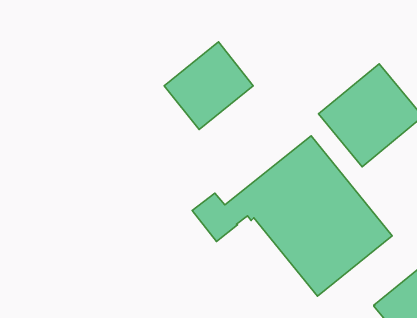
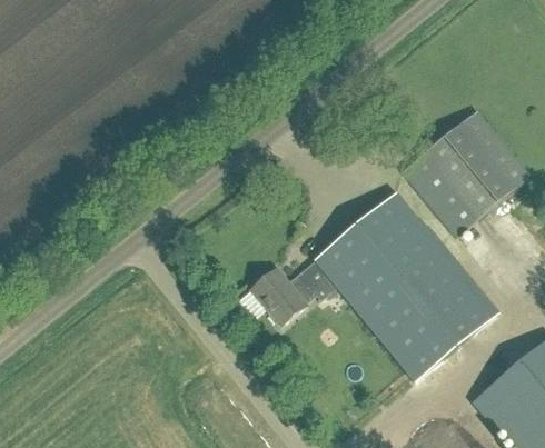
building: [164,42,253,130] -> none

